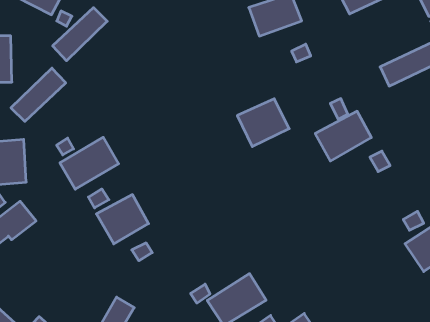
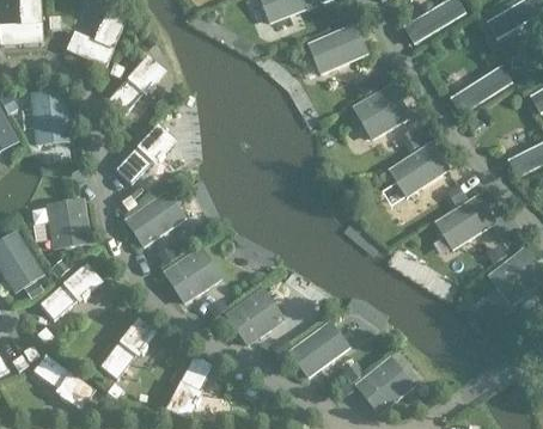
building: [11,68,66,121] -> [115,123,170,180]
building: [237,99,289,147] -> [353,86,408,137]
building: none -> [433,196,493,250]
building: none -> [227,290,281,343]
building: none -> [100,317,157,379]

